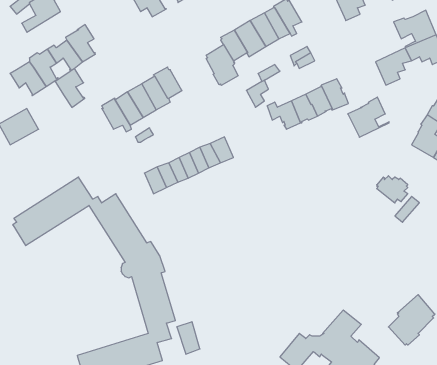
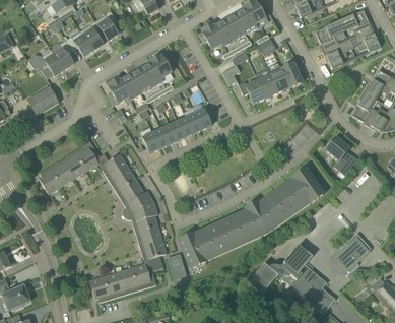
building: [206,45,238,85] -> none
building: [55,69,85,107] -> [95,10,119,41]
building: [348,97,389,137] -> [315,18,347,50]
building: none -> [178,168,324,268]

